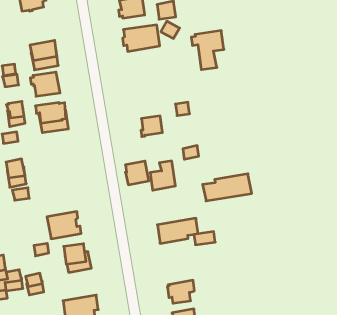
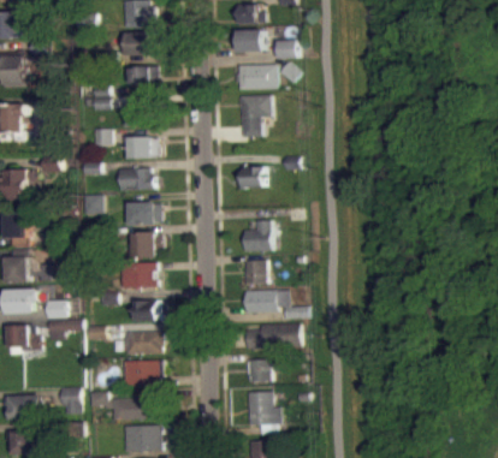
building: none -> [125,31,155,54]
building: [191,31,224,70] -> [233,95,268,136]
building: none -> [118,167,152,189]
building: none -> [128,202,160,224]
building: [125,161,149,185] -> [242,260,267,284]
building: [203,174,252,201] -> [244,323,298,347]
building: none -> [129,231,161,257]
building: none -> [123,332,161,353]

